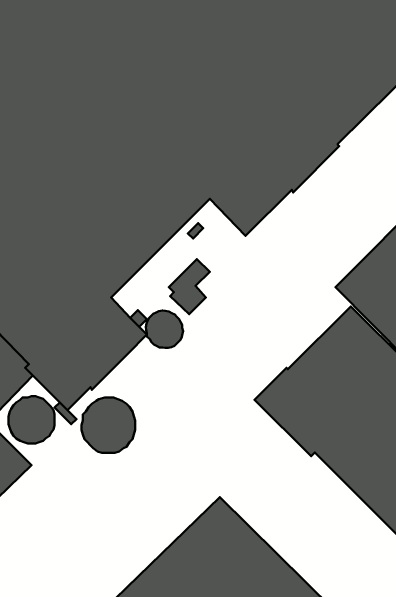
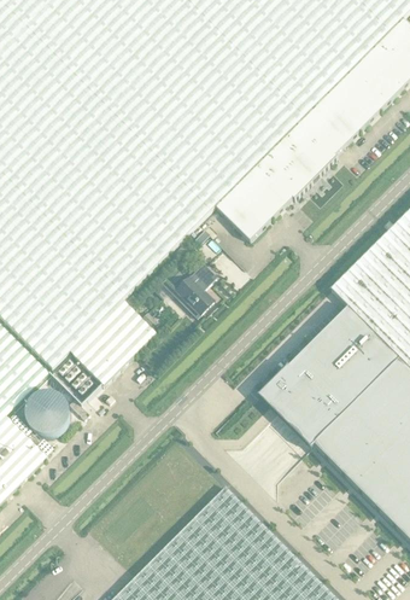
building: [146,311,183,348] -> none
building: [82,398,135,453] -> none

